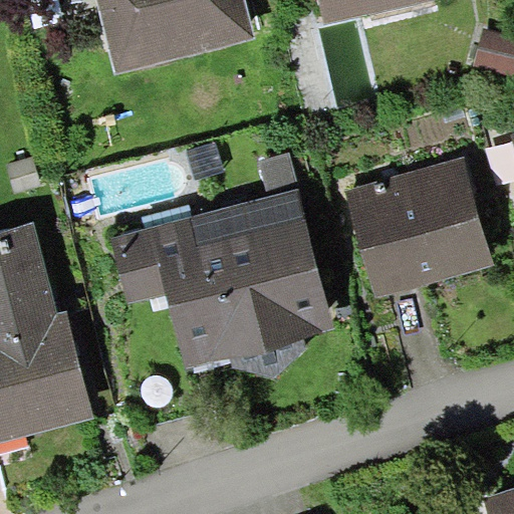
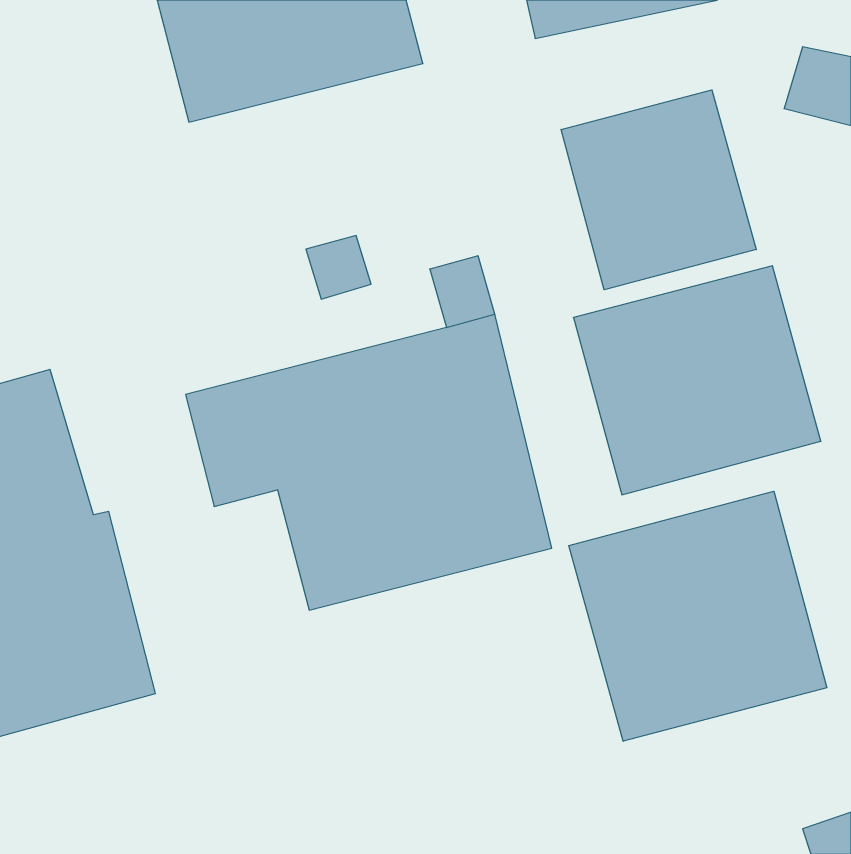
building: none -> [561,90,756,290]
building: none -> [569,491,827,741]

